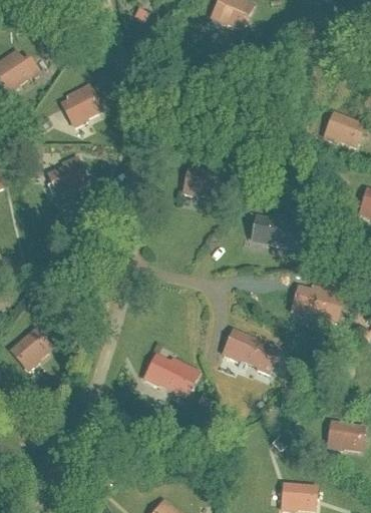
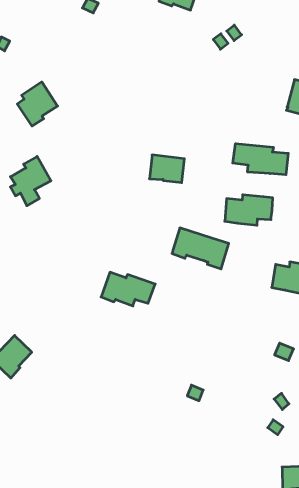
building: none -> [233,144,288,175]
building: [223,330,279,374] -> [172,228,229,269]
building: [144,355,199,390] -> [101,272,155,306]

